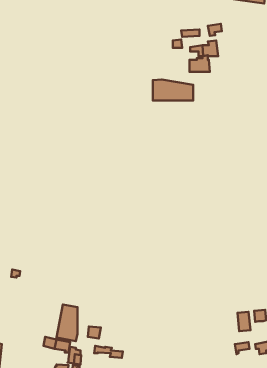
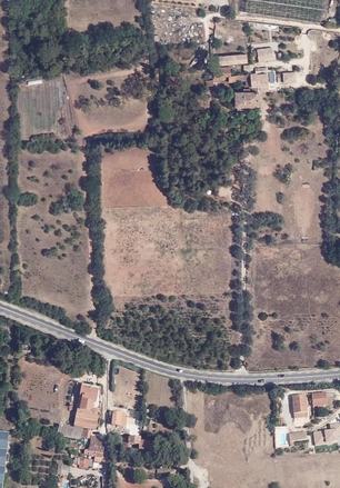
building: [153,80,193,101] -> none

